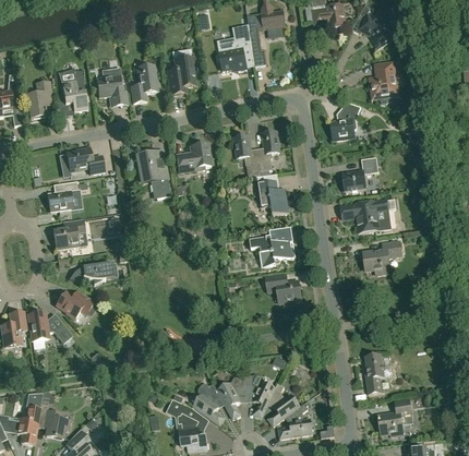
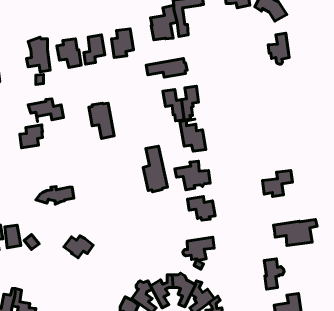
building: [27,81,51,118] -> none
building: none -> [146,59,187,77]
building: [330,101,361,140] -> none
building: [177,143,211,171] -> none
building: [341,156,380,192] -> none
building: [340,199,397,232] -> [274,219,317,246]
building: none -> [143,146,168,192]
building: [53,219,84,249] -> none
building: [56,290,94,319] -> [64,236,93,258]
building: none -> [183,237,214,261]

